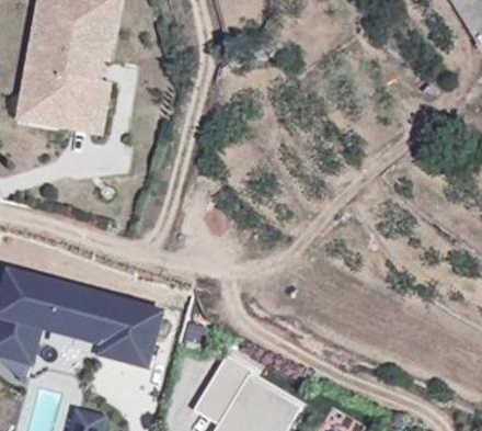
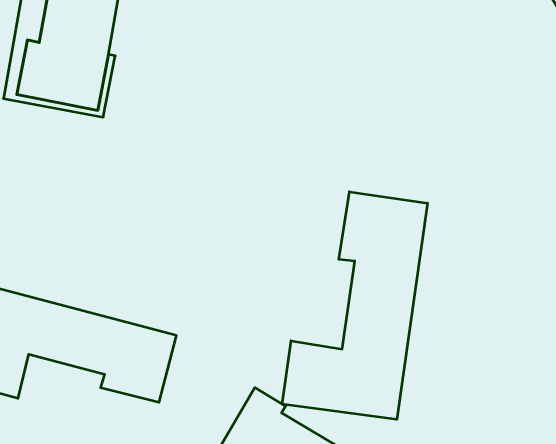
building: none -> [282,192,427,419]

